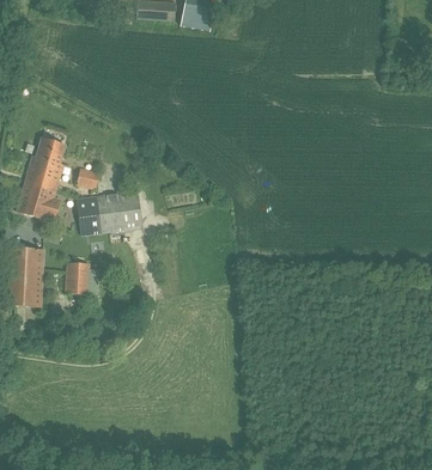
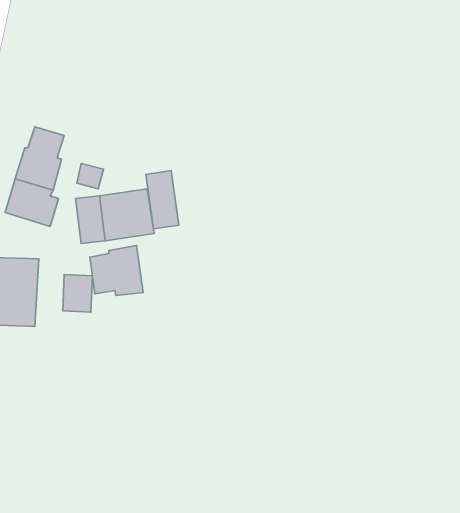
building: none -> [146,171,179,229]
building: none -> [90,246,143,296]

